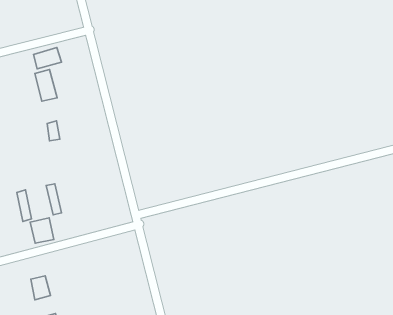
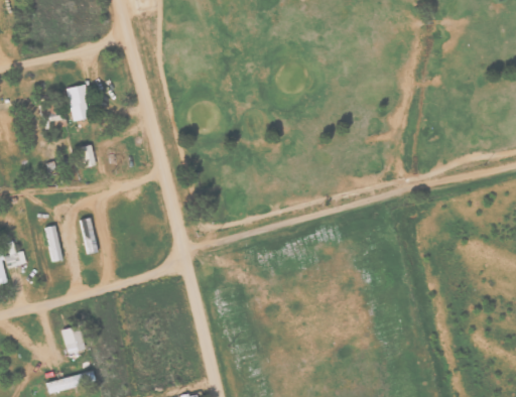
building: [34,47,62,69] -> none
building: [30,218,54,243] -> none

